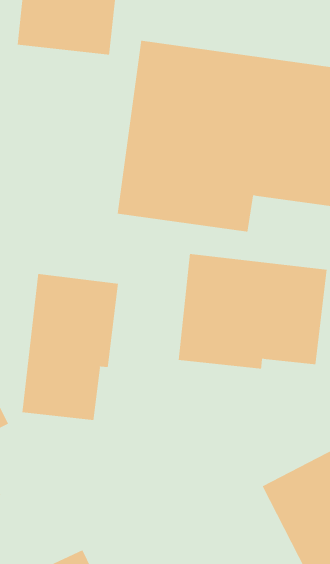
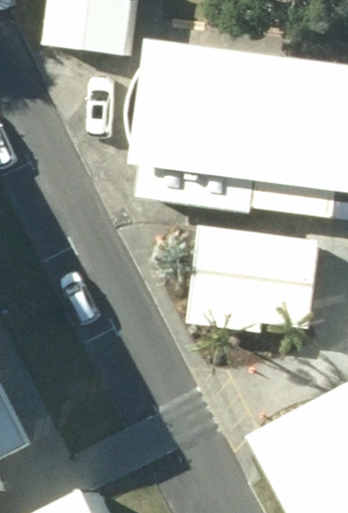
building: [22,273,118,421] -> none

